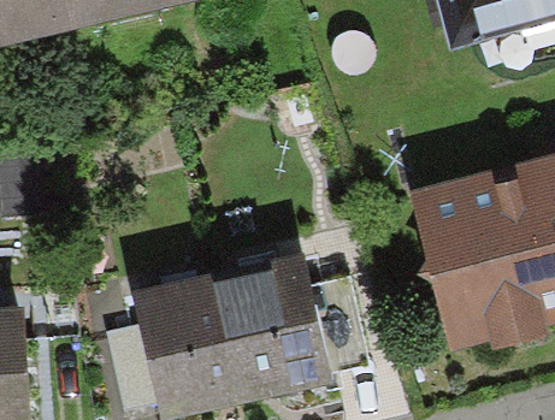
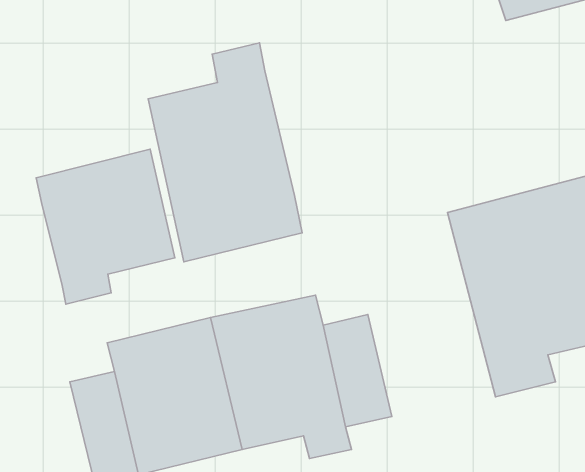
building: none -> [148,43,302,262]
building: none -> [36,149,175,304]

